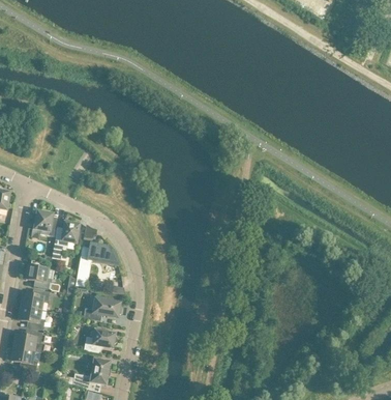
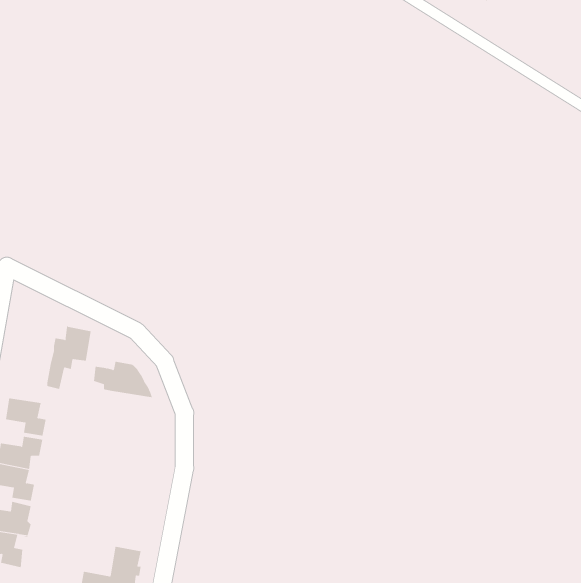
building: [34,208,58,235] -> none
building: [83,294,122,320] -> none
building: [84,326,117,351] -> none

